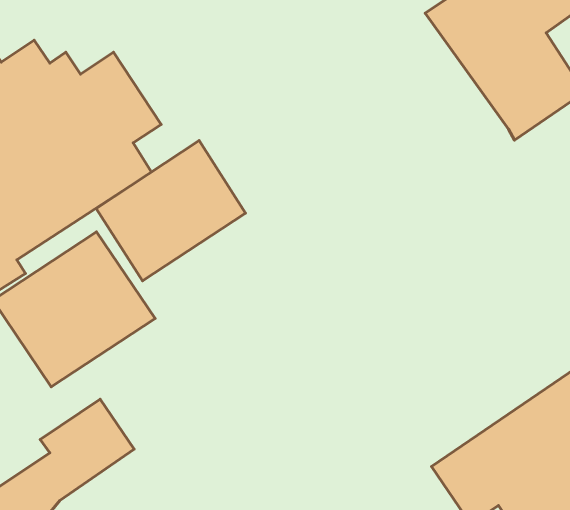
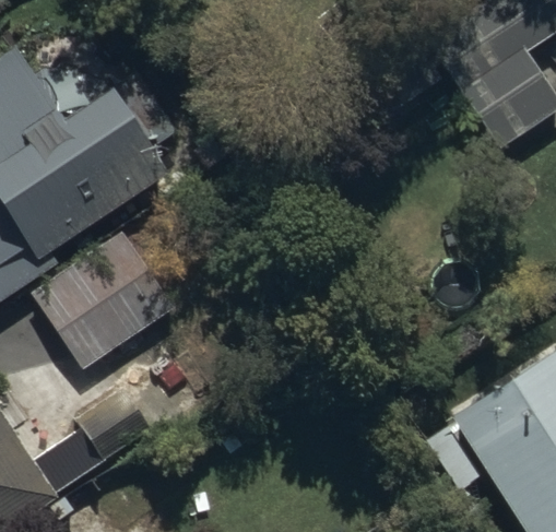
building: [96,141,246,281] -> none

